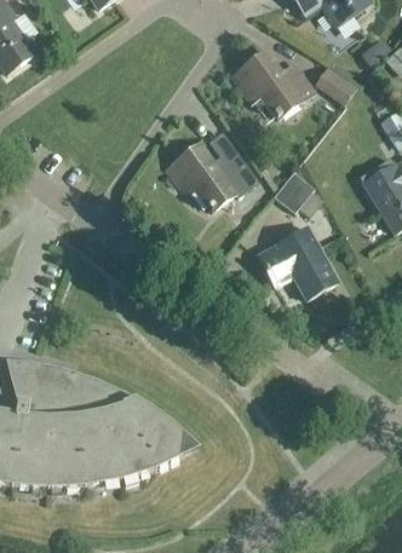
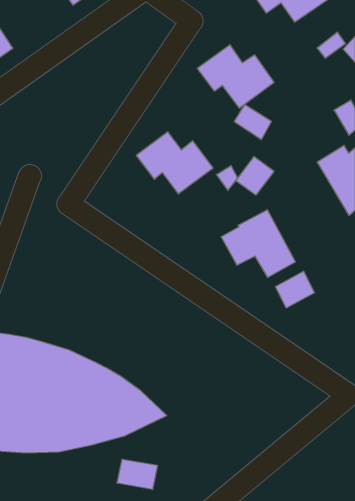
building: [315,65,355,103] -> [234,104,272,139]
building: none -> [275,271,315,308]
building: none -> [117,459,157,490]

